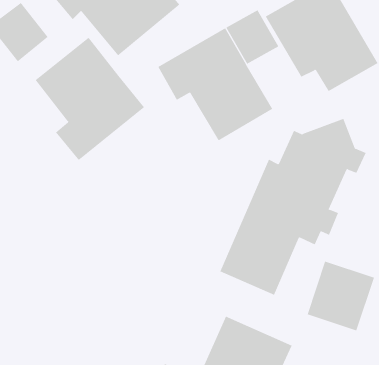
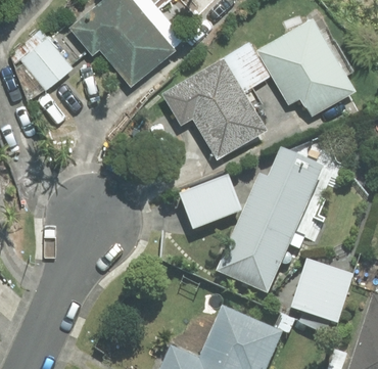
building: [35,37,145,161] -> none
building: none -> [181,176,240,227]

